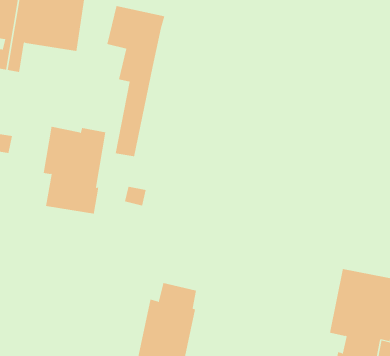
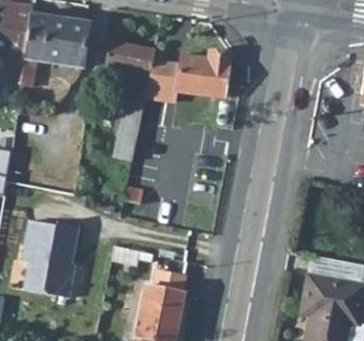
building: none -> [149,49,236,88]
building: [43,126,106,214] -> [22,221,77,298]

